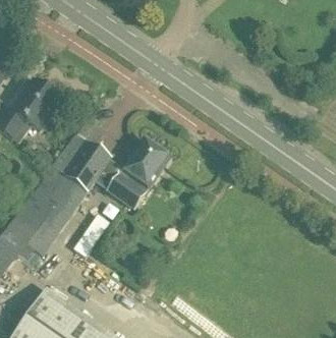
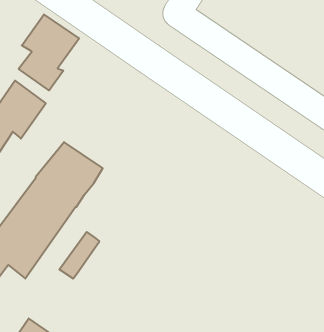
building: none -> [19,14,79,90]
building: [96,139,170,210] -> none

